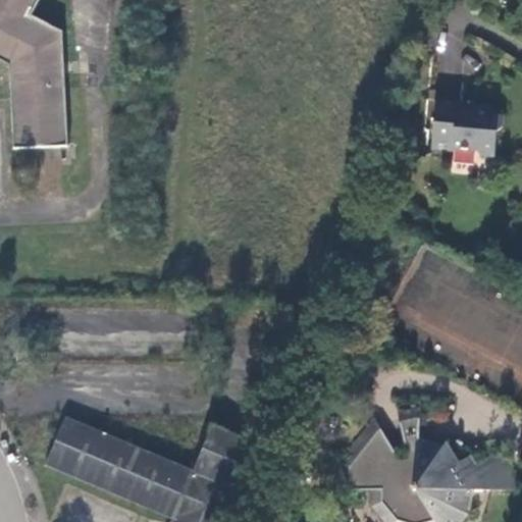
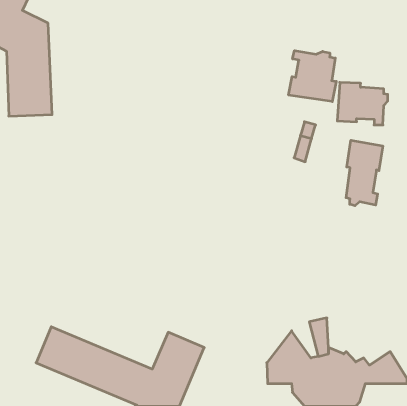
building: none -> [289,51,336,102]
building: none -> [346,140,383,206]

